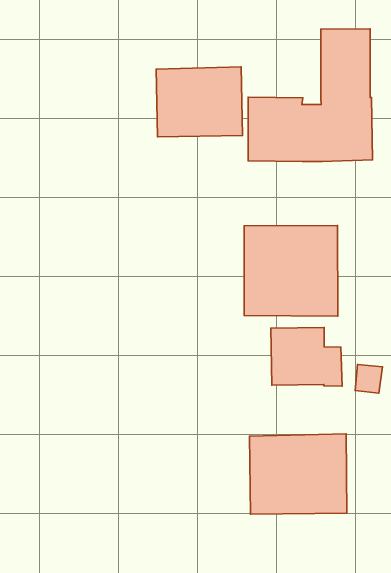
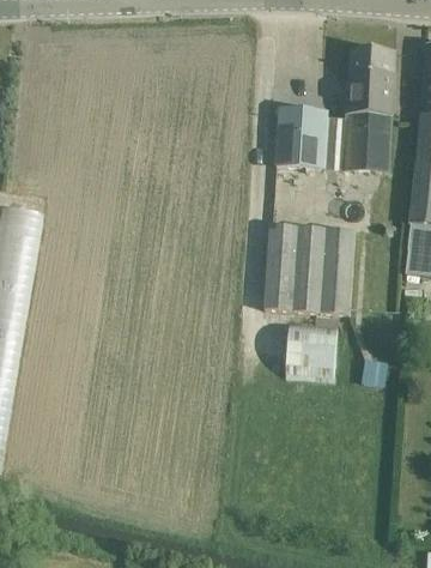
building: [156,67,243,137] -> none
building: [250,434,347,514] -> none

